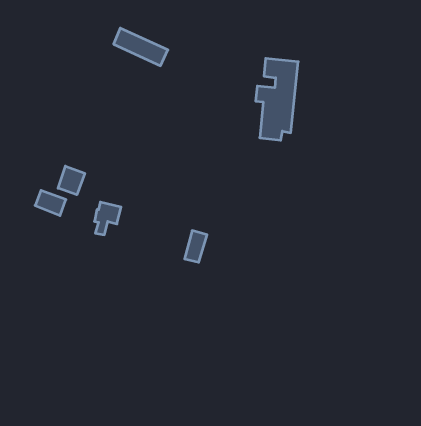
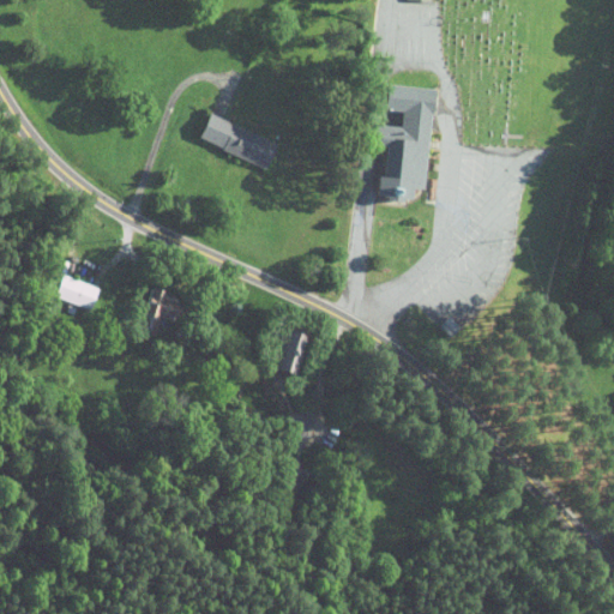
building: [114,28,168,66] -> [205,115,283,169]
building: [58,166,85,195] -> none

